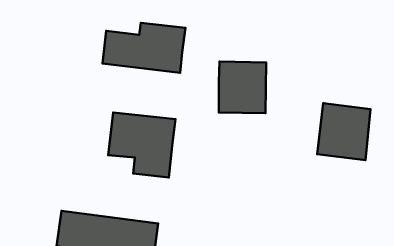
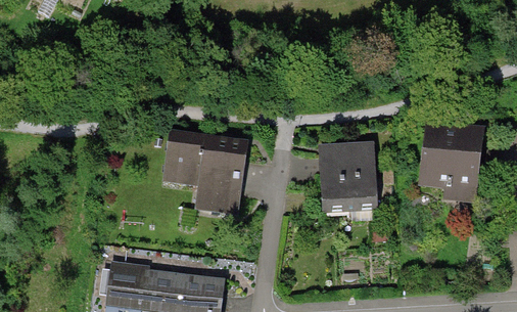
building: [103,23,185,73] -> none
building: [219,62,266,113] -> [320,145,378,209]

